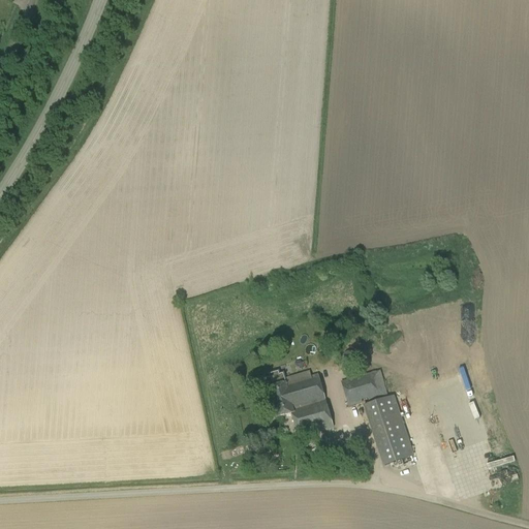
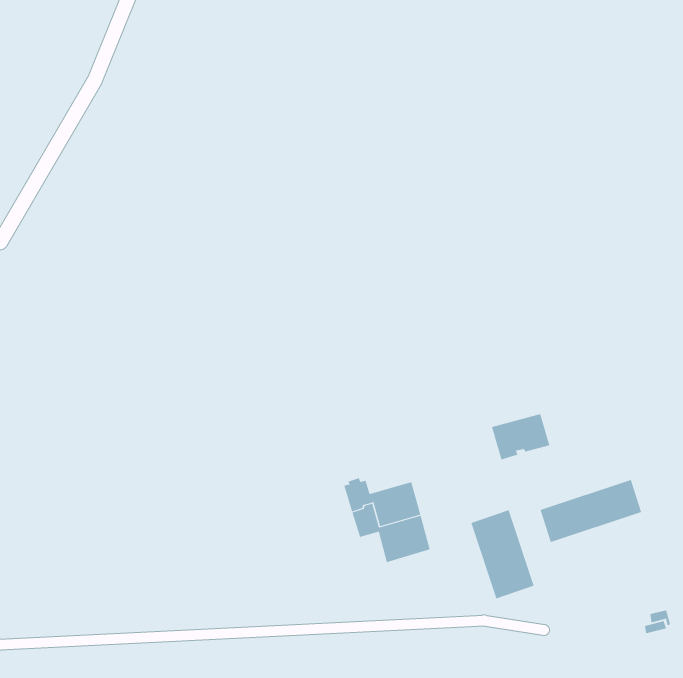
building: [342,368,387,404] -> [491,413,550,460]
building: none -> [540,479,642,543]

